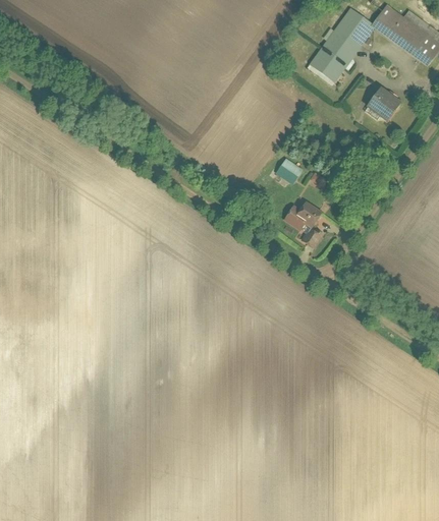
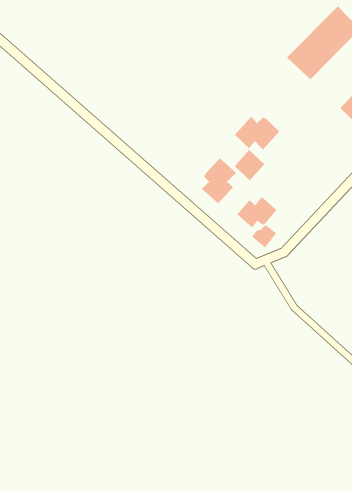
building: none -> [234,116,280,151]
building: none -> [201,158,237,204]

